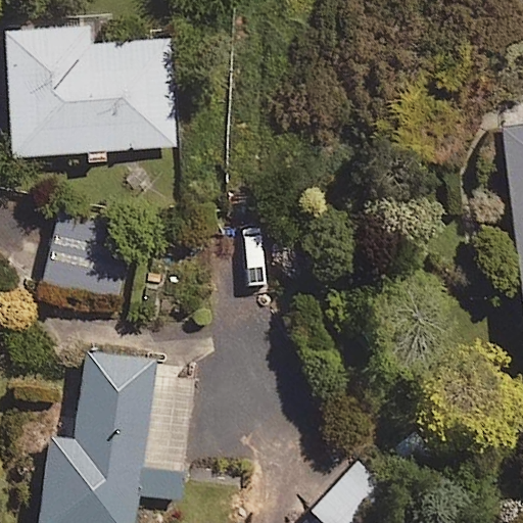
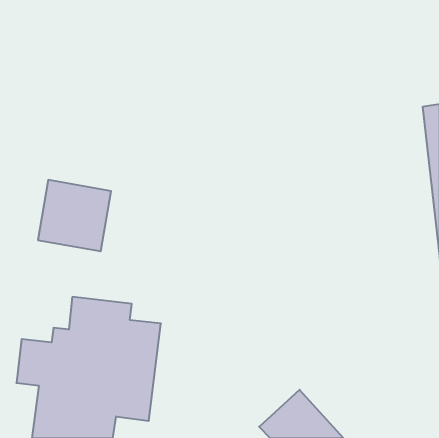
building: [7,26,174,163] -> none

